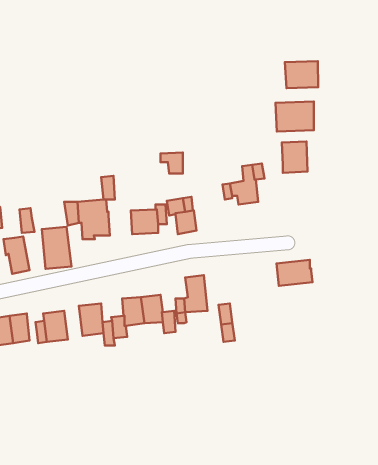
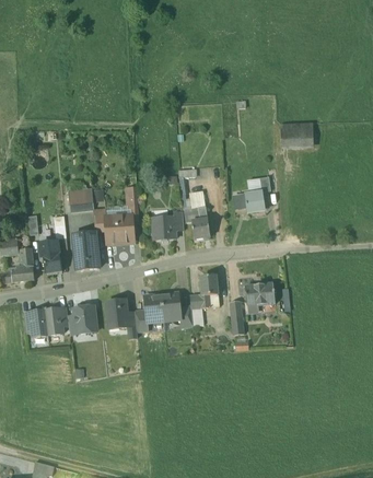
building: [285,61,318,88] -> none
building: [282,141,307,173] -> none
building: none -> [68,189,93,210]
building: [276,260,312,286] -> [243,282,275,305]

